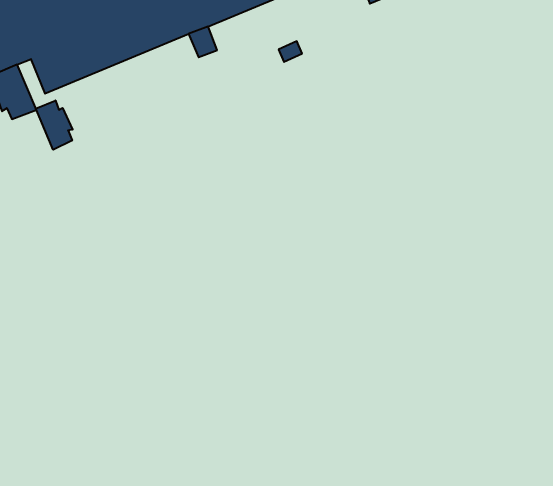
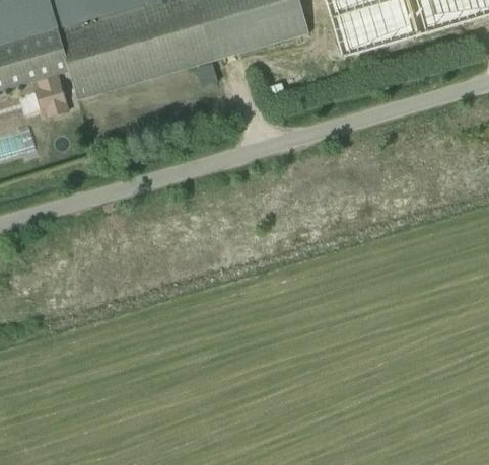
building: [36,100,73,150] -> none

